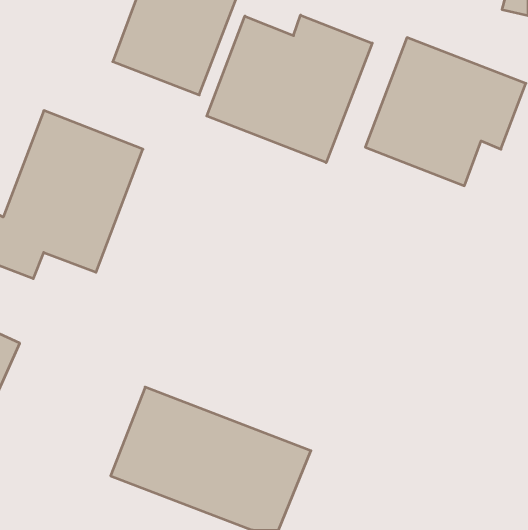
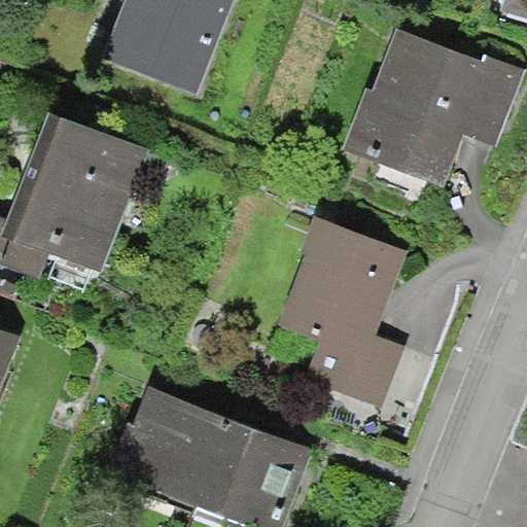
building: [207,15,372,163] -> none
building: none -> [287,229,405,407]

